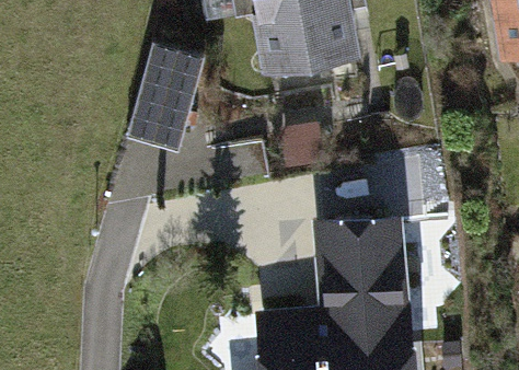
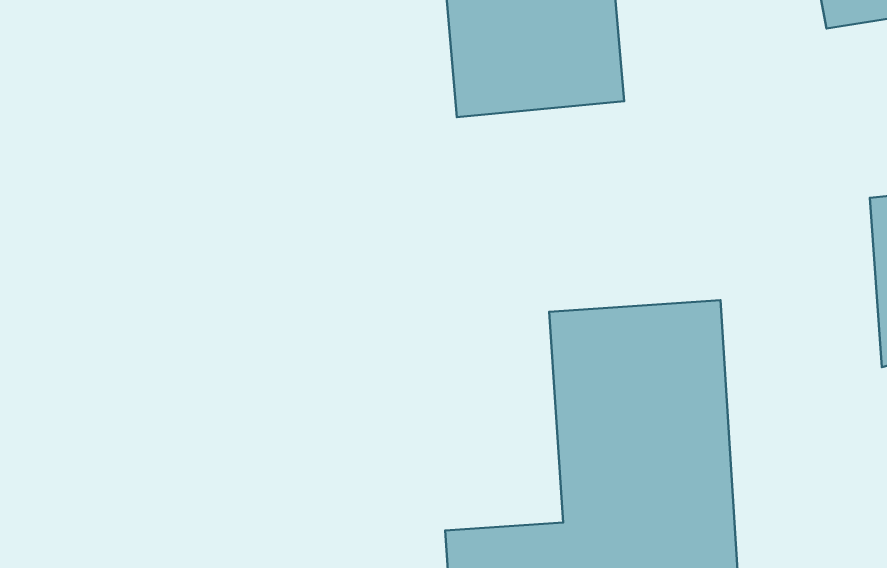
building: [118,45,197,151] -> none

